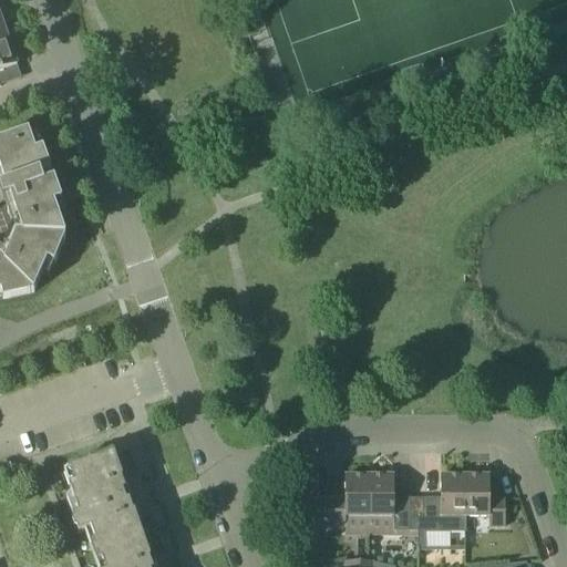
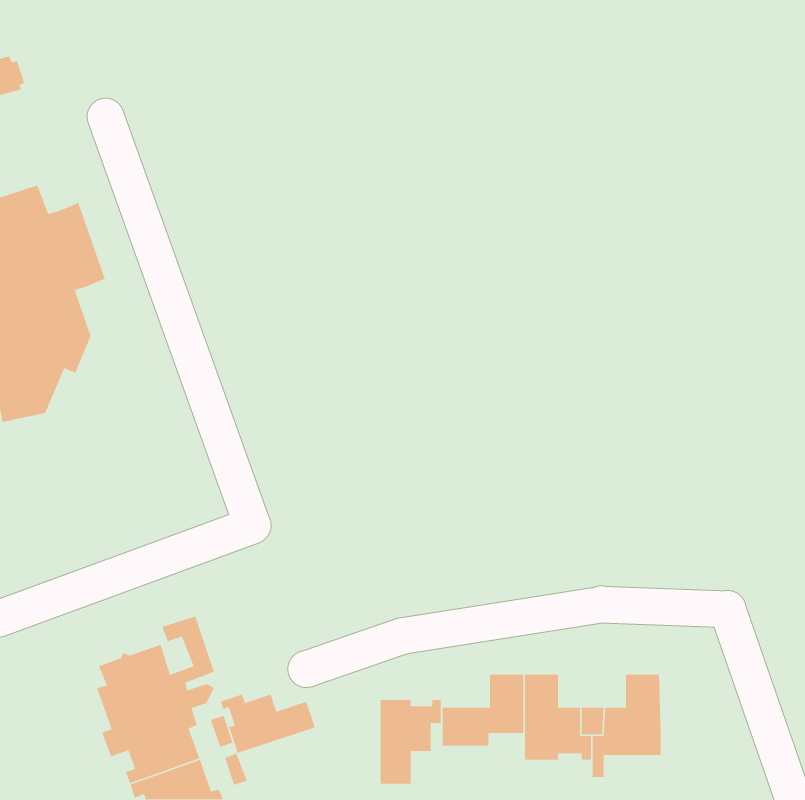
building: [463,473,504,525] -> none
building: none -> [220,694,316,754]
building: none -> [380,699,442,784]

